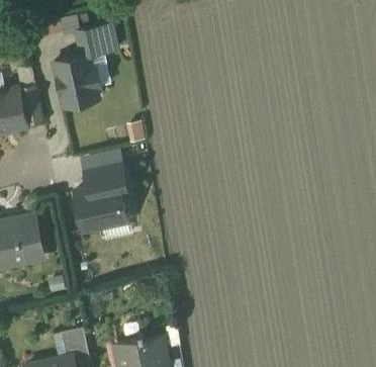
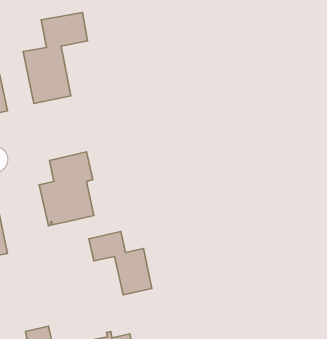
building: none -> [89,231,152,295]

